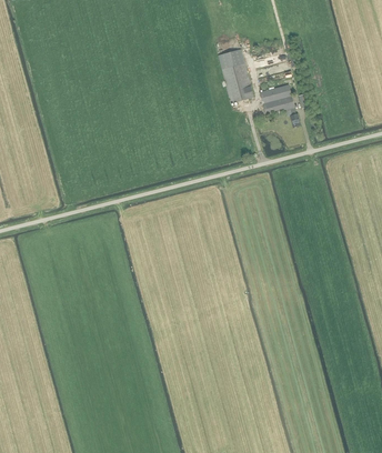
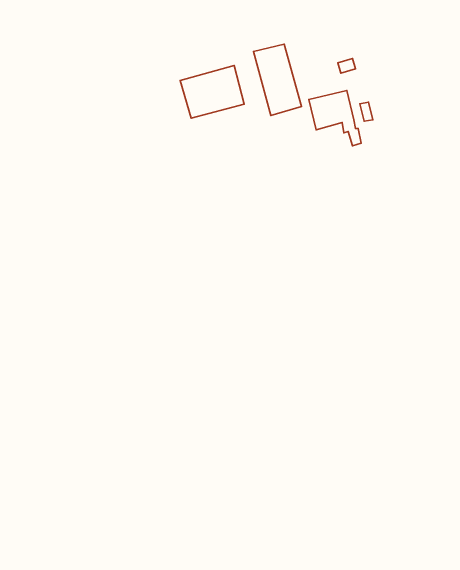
building: none -> [180,66,244,118]

